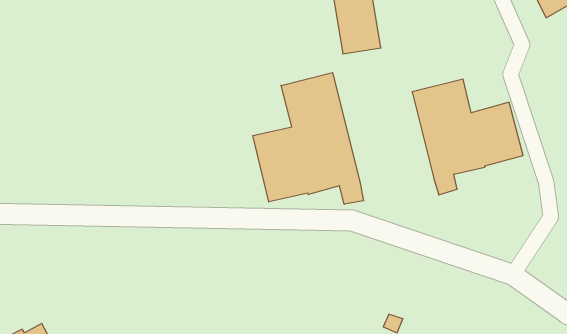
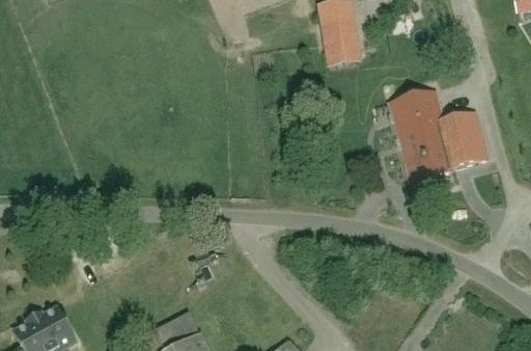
building: [253,73,364,204] -> none

